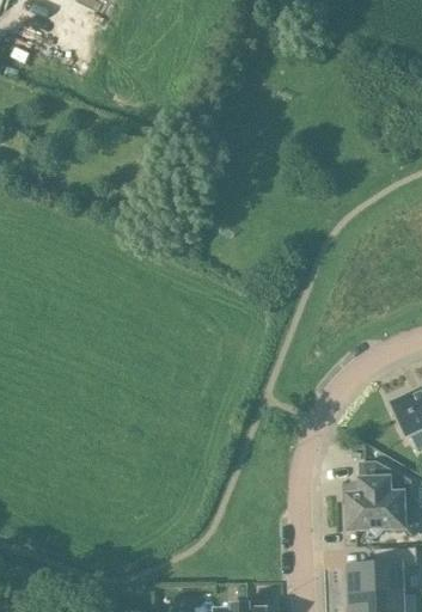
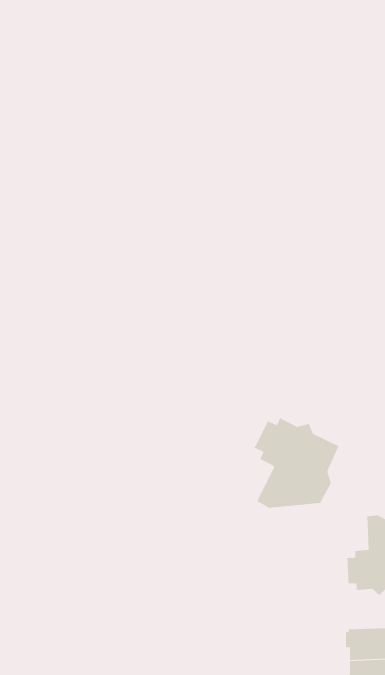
building: none -> [254,417,339,509]

